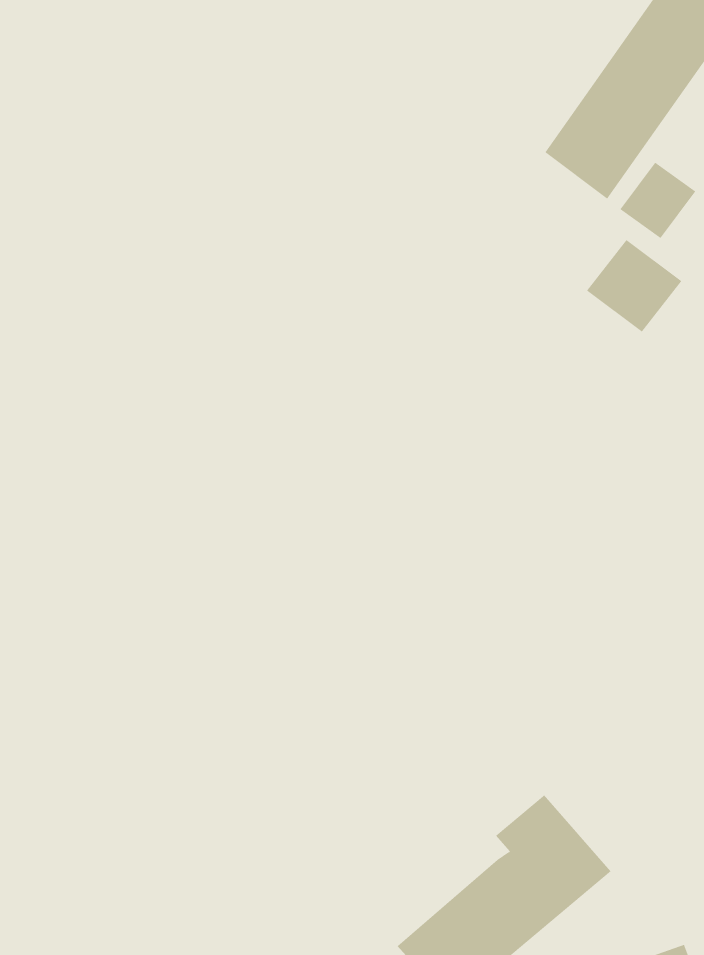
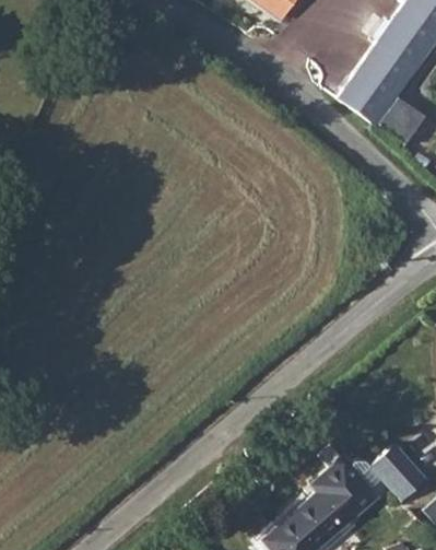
building: [586,239,682,332] -> none
building: none -> [366,440,416,491]

